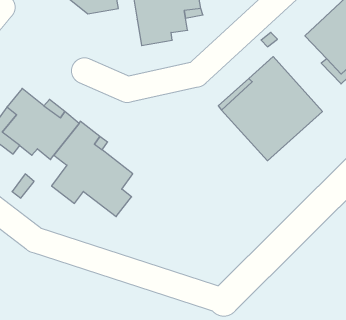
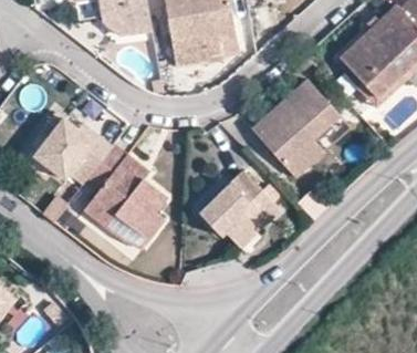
building: none -> [198,172,279,248]

